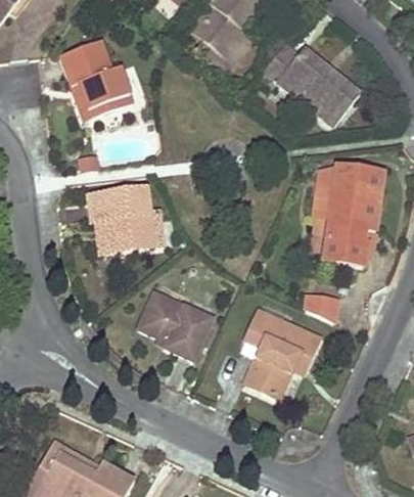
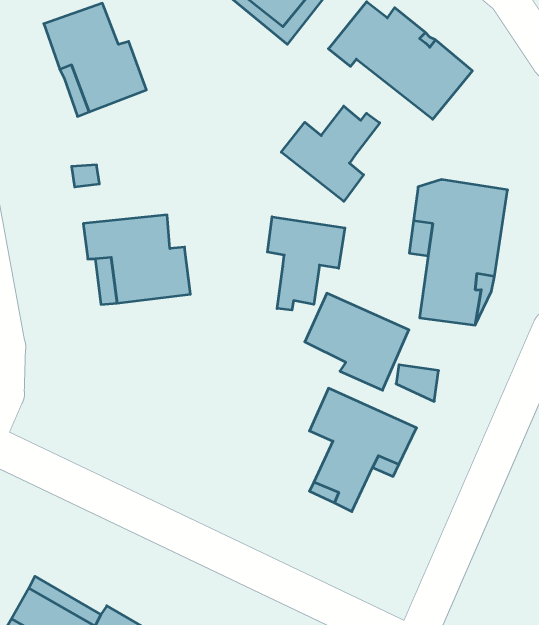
building: none -> [281,106,380,201]
building: none -> [267,217,345,310]
building: [139,292,212,360] -> [305,293,409,390]

